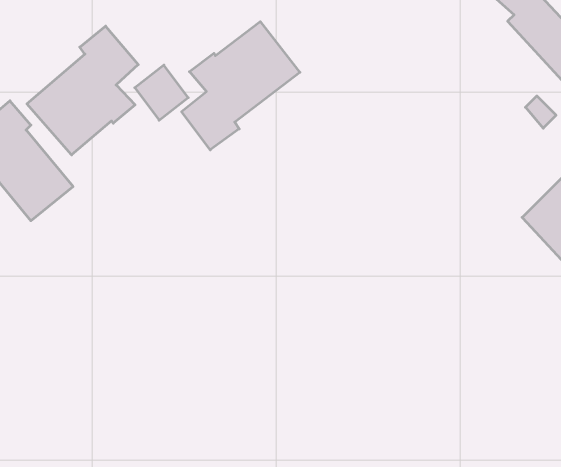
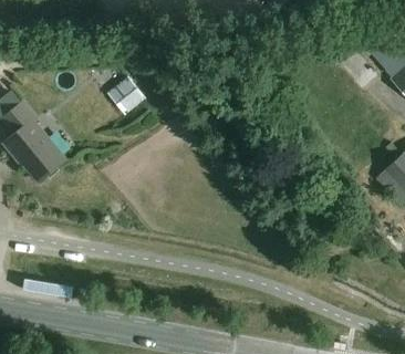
building: [182,22,300,150] -> none
building: [27,26,138,155] -> none

